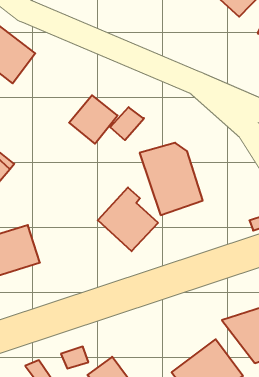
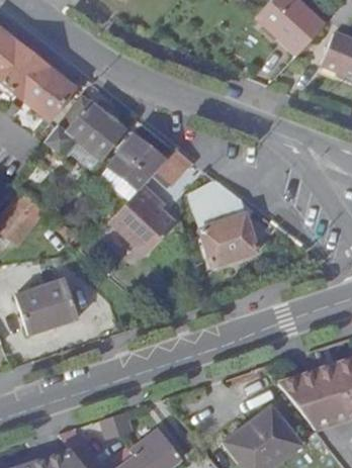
building: none -> [43,95,125,160]
building: [98,187,158,251] -> [110,183,177,254]

